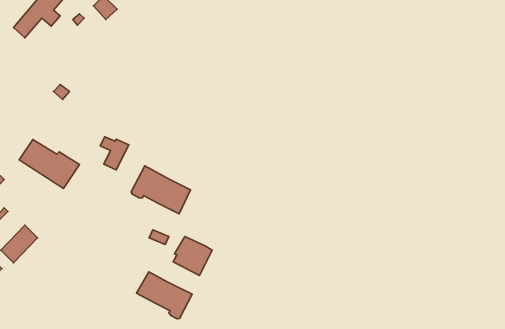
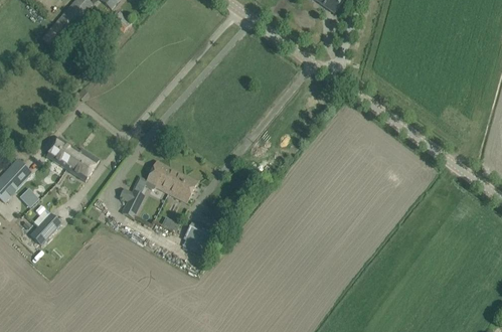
building: [100,137,129,170] -> [120,188,145,217]
building: [137,272,192,319] -> none

